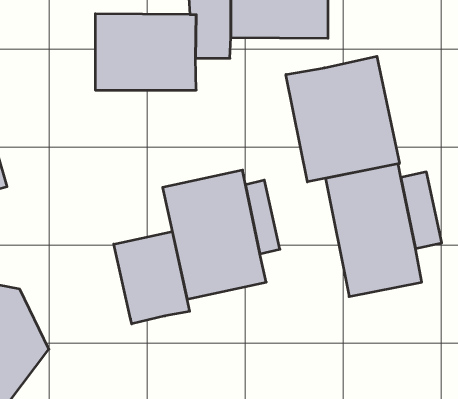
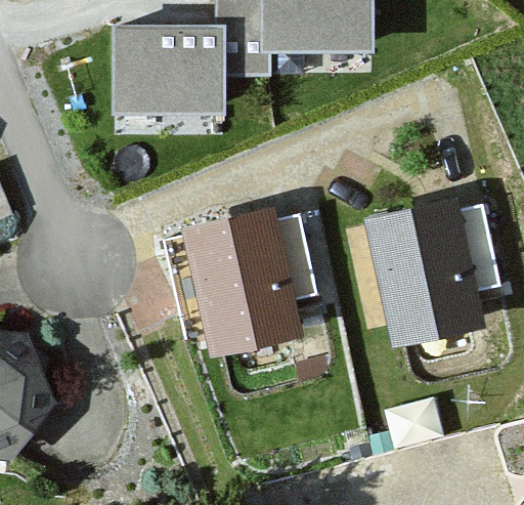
building: [286,56,399,182] -> none
building: [114,231,190,324] -> none

